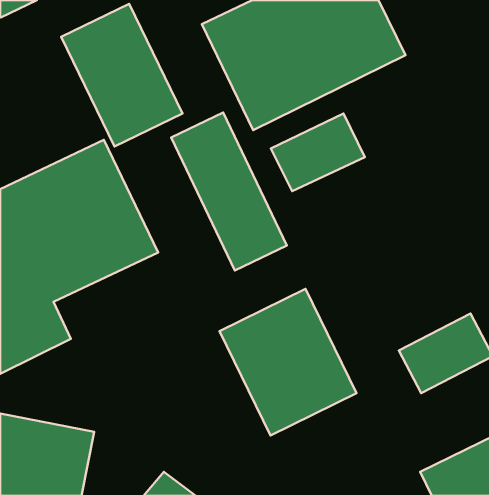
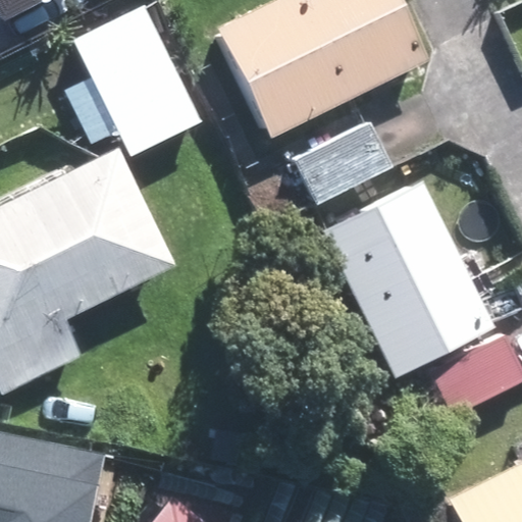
building: [171,112,287,271] -> none
building: none -> [322,181,493,377]
building: [220,289,357,435] -> none

